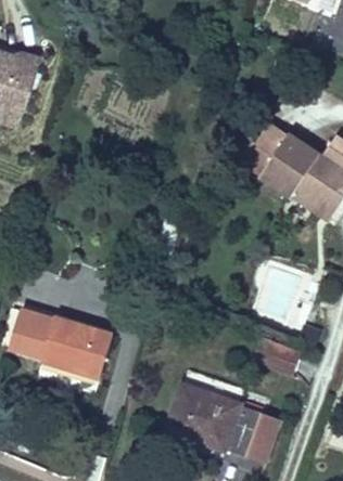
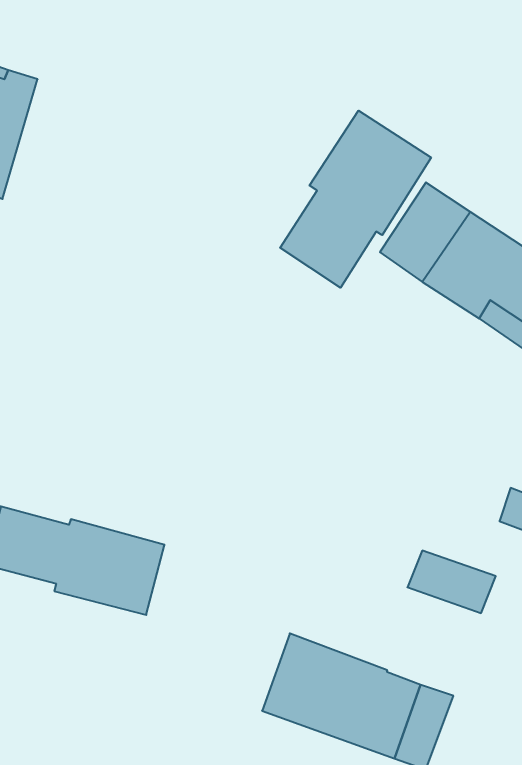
building: none -> [280,111,431,288]

